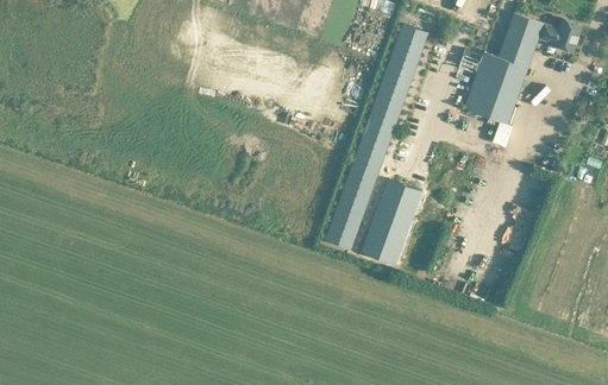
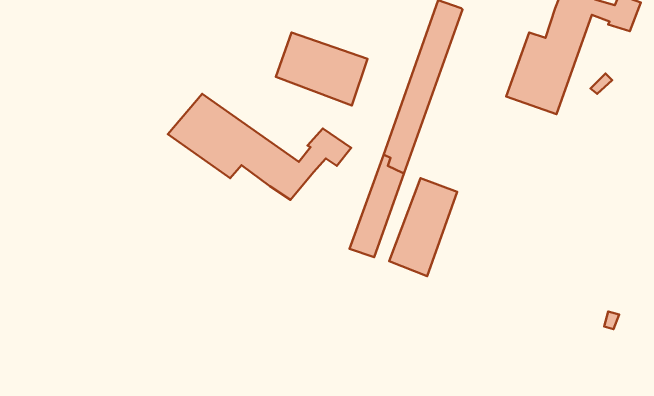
building: none -> [276,33,368,105]
building: none -> [168,94,351,200]

